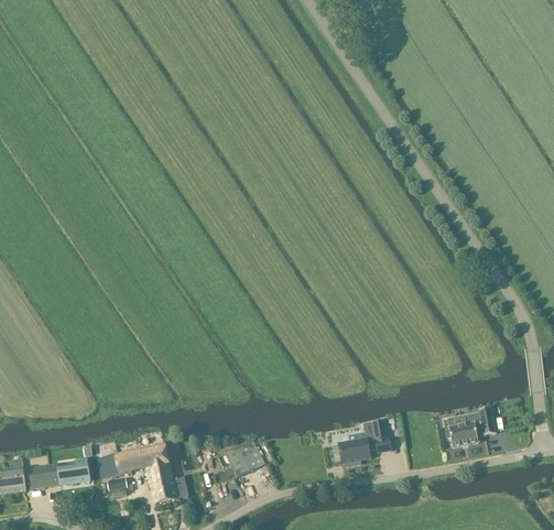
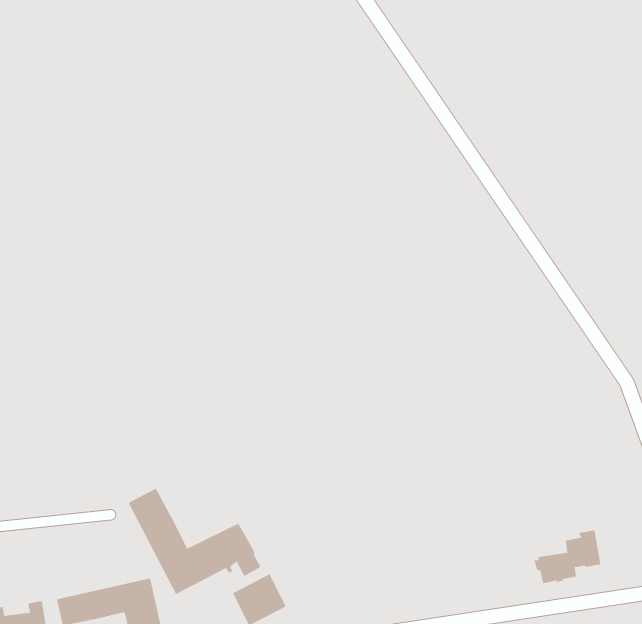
building: none -> [128,488,261,595]
building: [335,421,388,466] -> none

